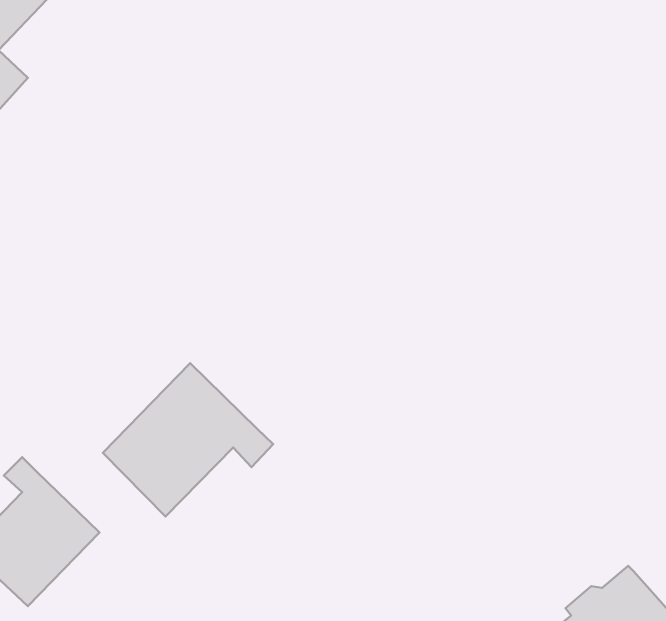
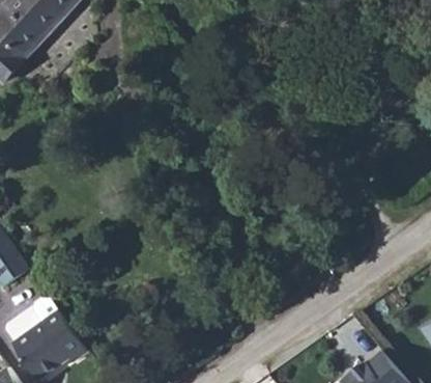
building: [103,363,273,517] -> none

